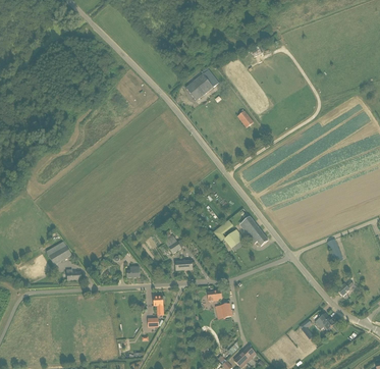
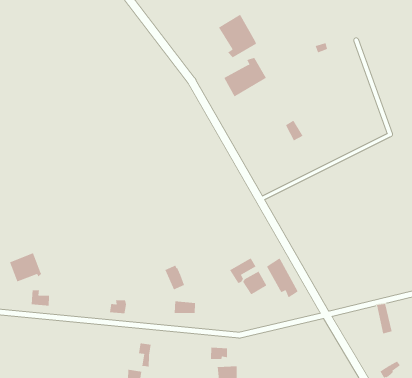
building: none -> [218,14,257,58]

